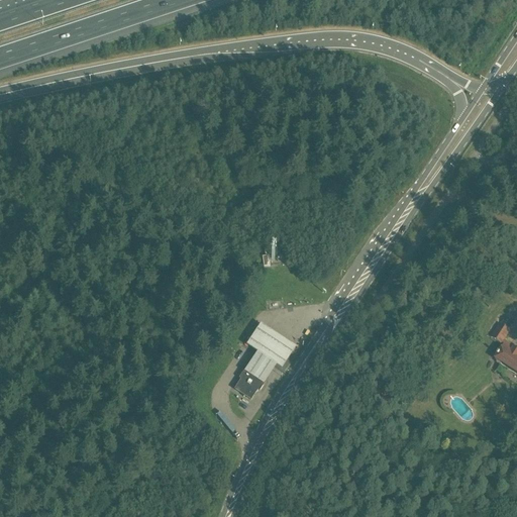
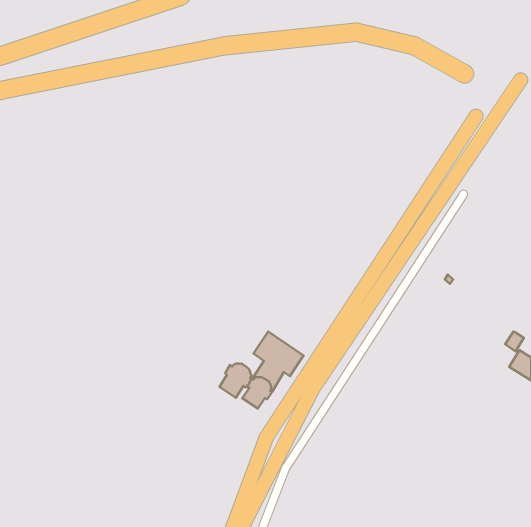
building: none -> [219,363,252,398]

